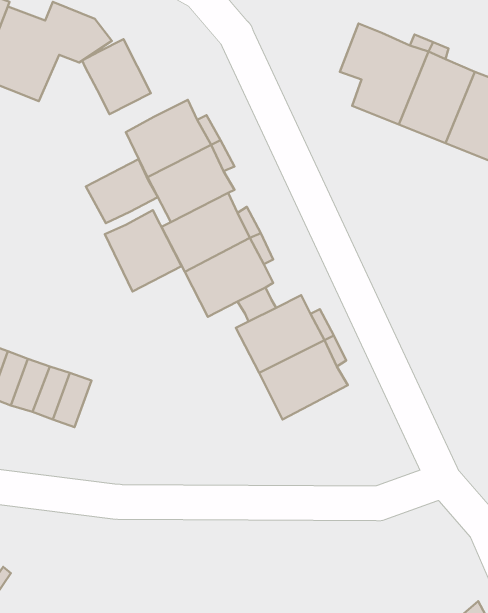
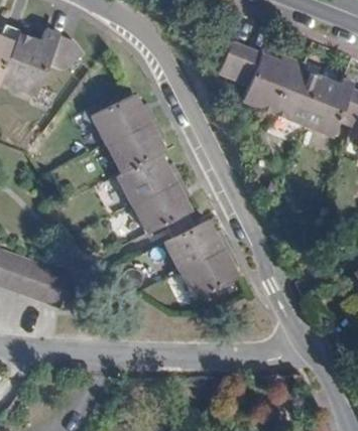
building: [82,39,151,114] -> none
building: [86,159,158,223] -> none
building: [105,210,182,291] -> none

